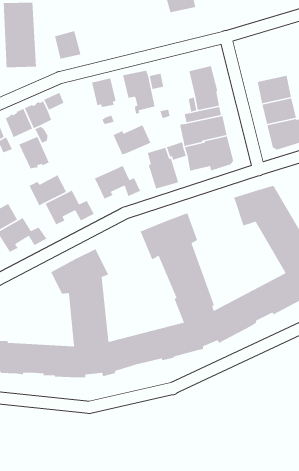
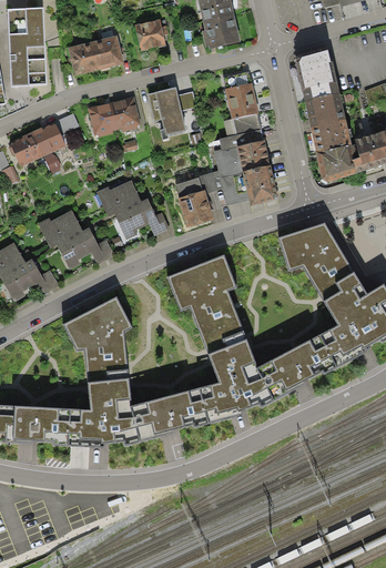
building: none -> [202,13,240,48]
building: none -> [134,18,167,50]
building: none -> [91,33,123,69]
building: none -> [295,49,339,100]
building: none -> [87,101,116,136]
building: [112,124,151,156] -> [95,179,141,215]
building: [18,136,50,169] -> none

